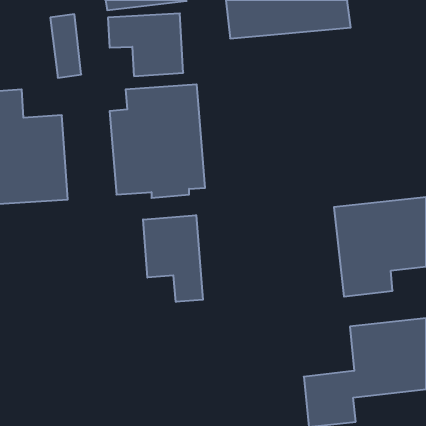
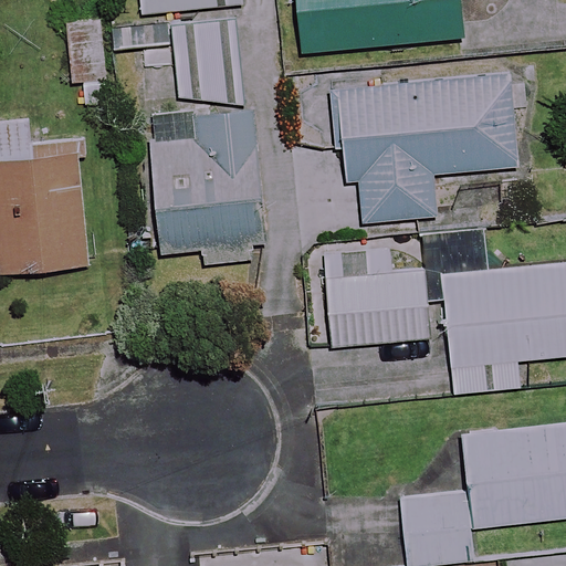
building: none -> [337,75,517,221]
building: none -> [322,242,428,345]
building: [143,215,203,302] -> none

